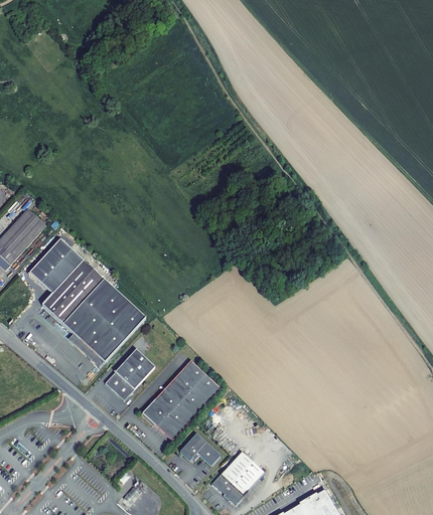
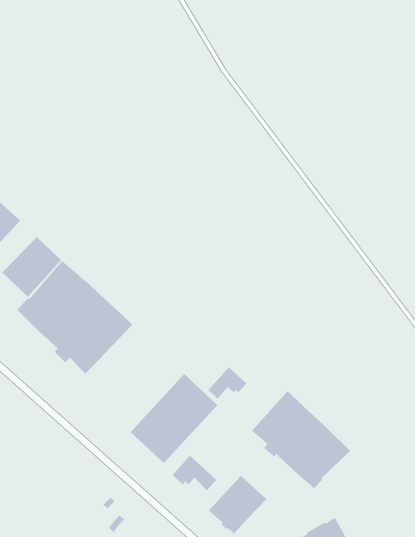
building: [106,349,155,399] -> none
building: none -> [207,366,247,400]
building: none -> [251,391,351,489]

